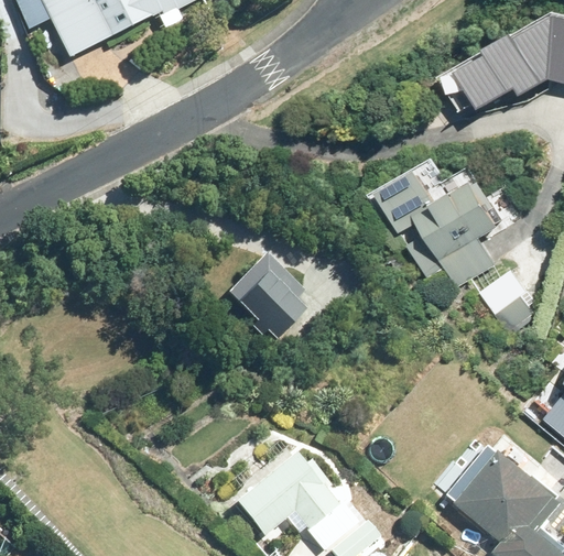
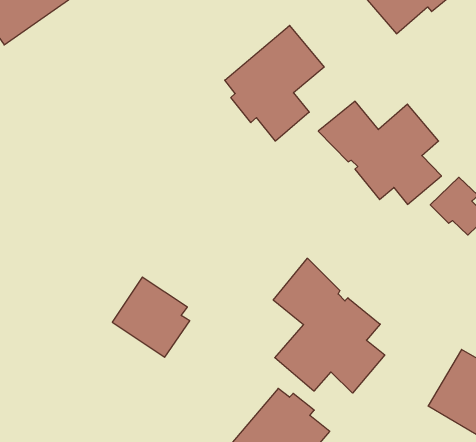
building: none -> [225,25,324,141]
building: [226,257,305,342] -> [112,277,190,357]
building: none -> [273,258,385,393]

